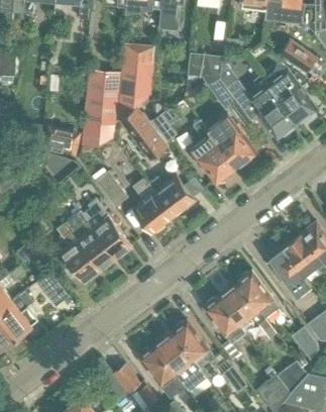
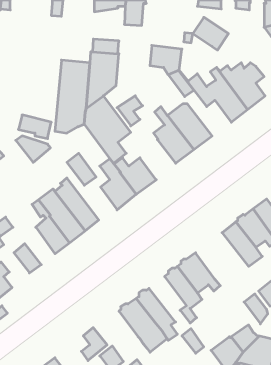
building: [278,39,317,76] -> [193,17,228,50]
building: [238,271,280,318] -> none
building: [139,346,185,400] -> none

